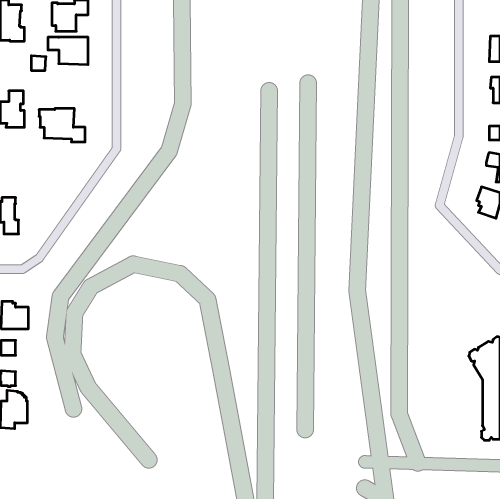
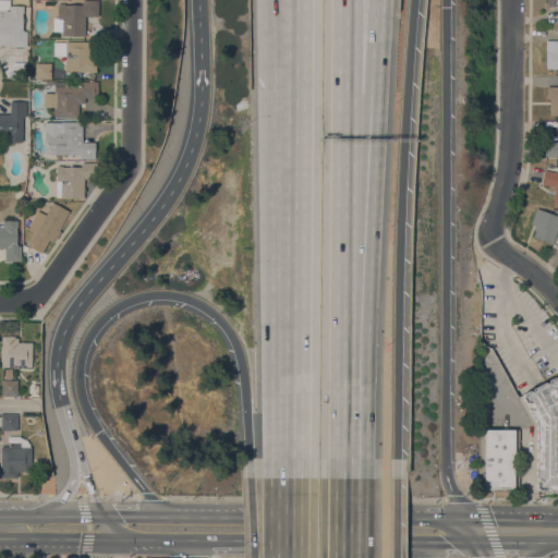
building: none -> [44,82,98,118]
building: none -> [56,163,97,198]
building: none -> [27,204,69,254]
building: none -> [485,430,519,497]

